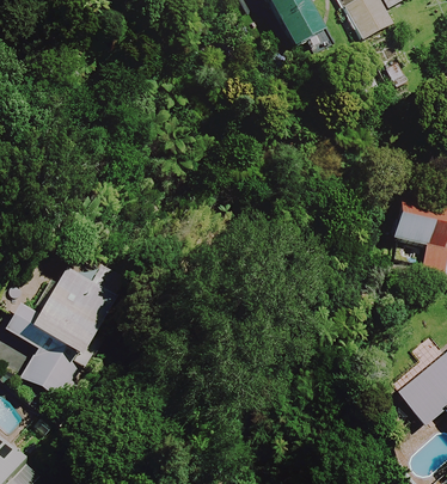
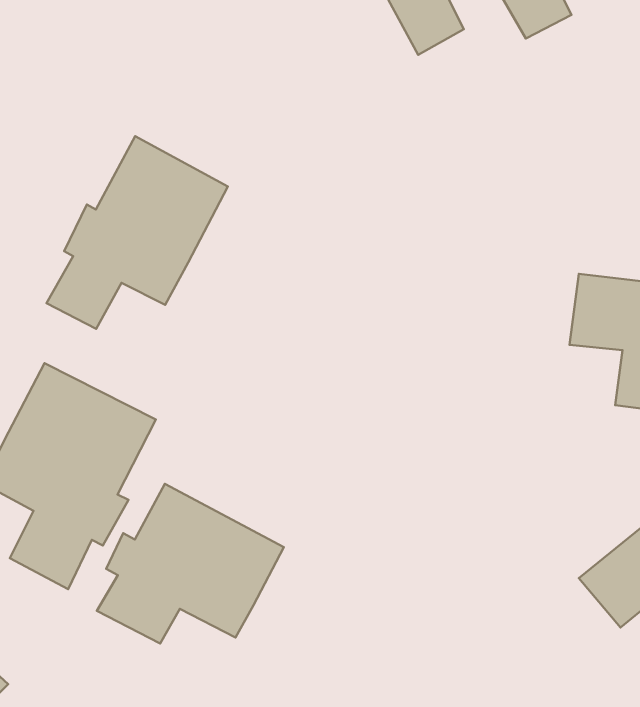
building: none -> [47,136,228,329]
building: none -> [97,484,284,644]

